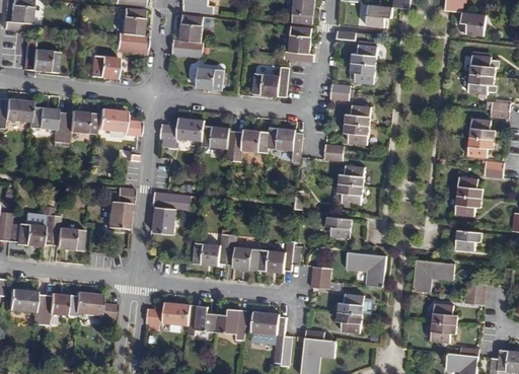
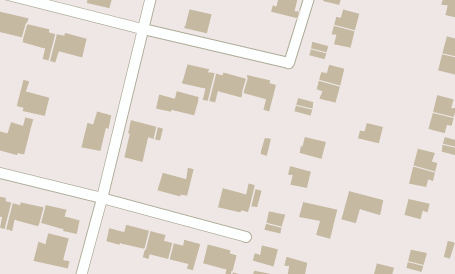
building: [252,66,289,97] -> none
building: [98,108,142,137] -> none
building: [160,117,205,140] -> [155,91,200,116]
building: [339,164,365,184] -> [357,122,384,144]
building: [50,215,84,250] -> [16,79,50,116]
building: [226,233,261,270] -> none
building: [412,259,454,293] -> [340,191,384,224]
building: [338,292,364,313] -> [252,245,279,267]
building: none -> [33,233,70,269]

